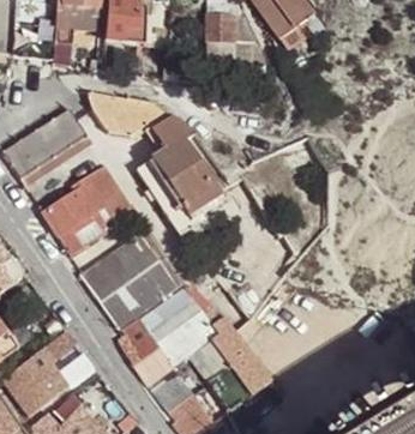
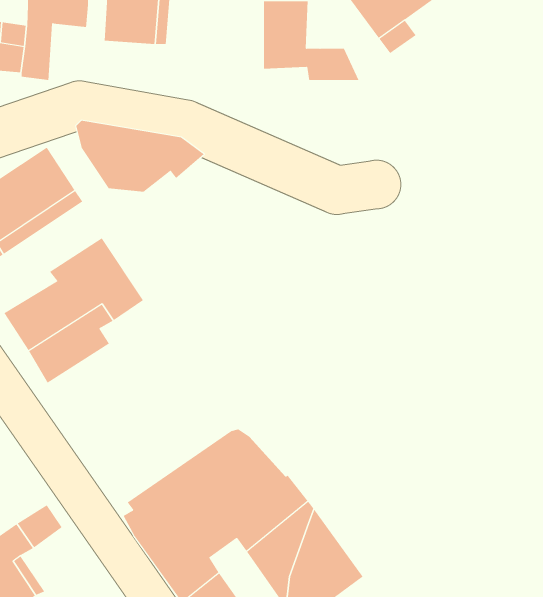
building: [137,110,223,233] -> none
building: [80,225,184,327] -> none

